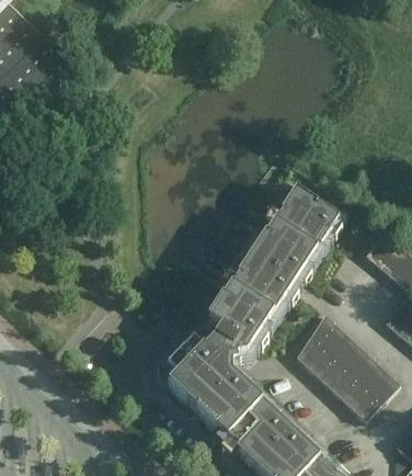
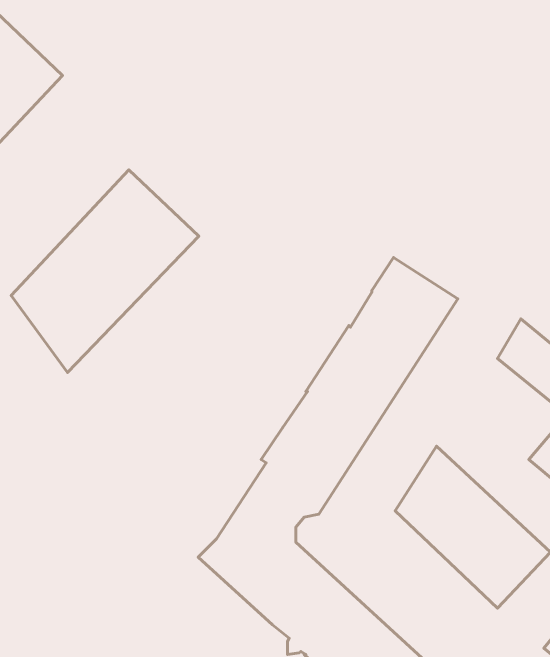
building: none -> [11,170,199,373]

